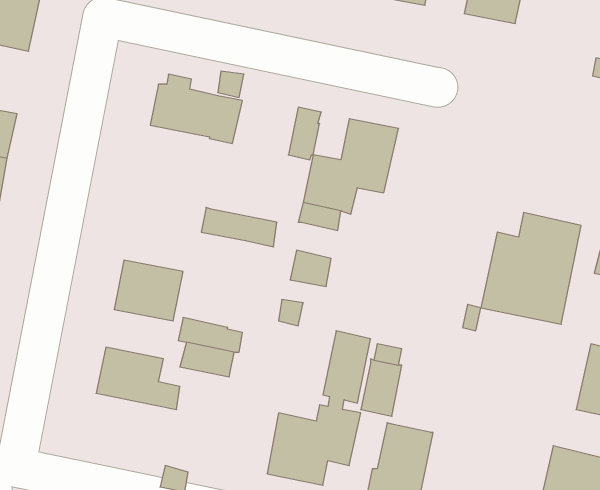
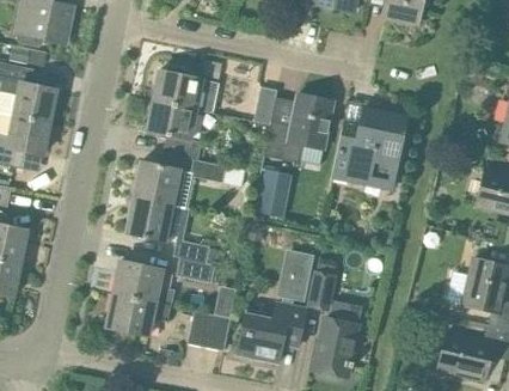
building: none -> [147,100,201,160]
building: none -> [134,161,184,206]
building: [481,212,581,324] -> [332,108,405,189]
building: none -> [108,294,172,335]
building: none -> [188,311,229,352]

